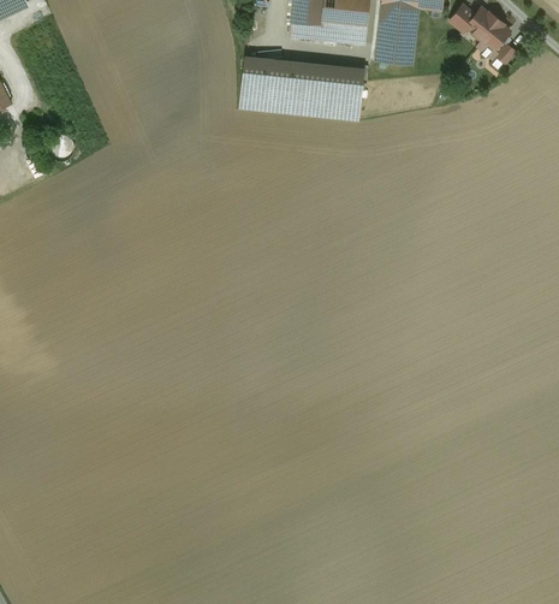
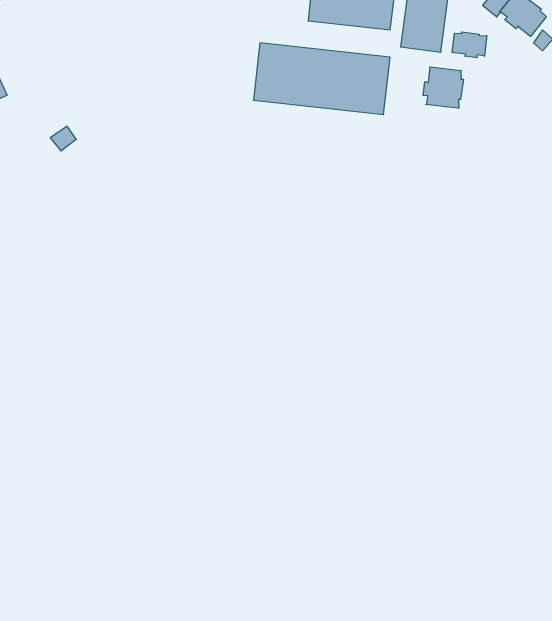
building: none -> [452,32,487,58]
building: none -> [423,67,463,108]

